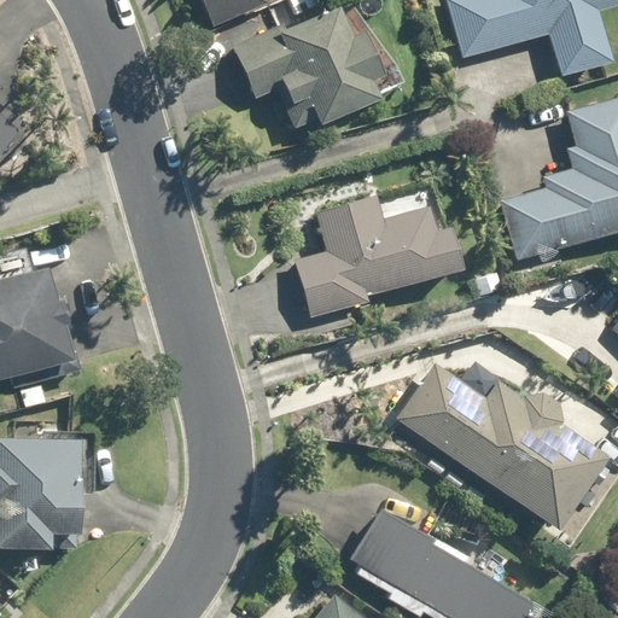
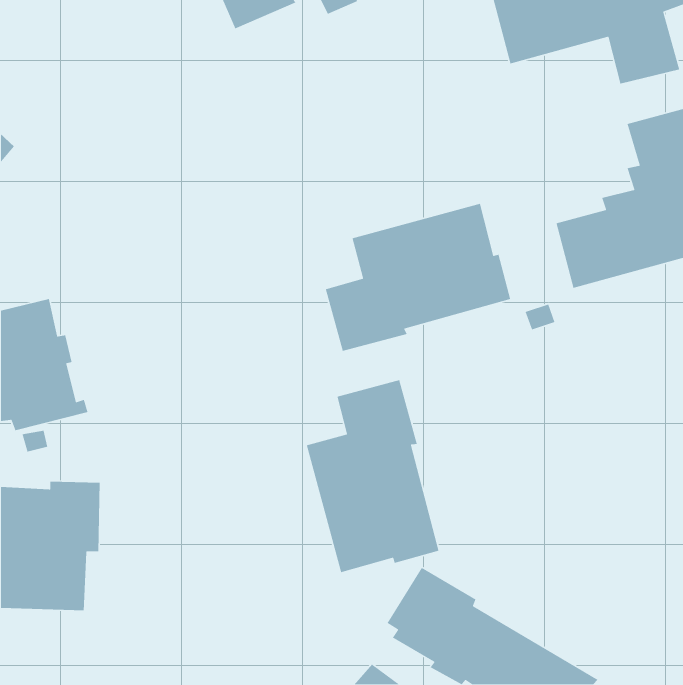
building: [234,6,383,129] -> none
building: none -> [306,379,440,573]
building: [397,363,608,531] -> none

